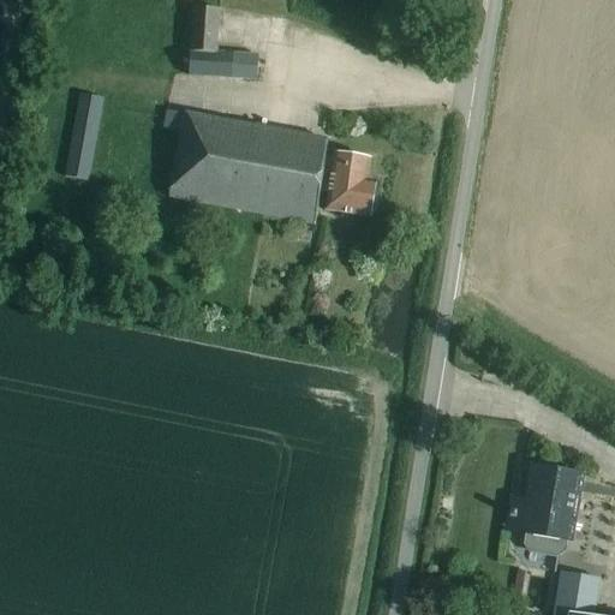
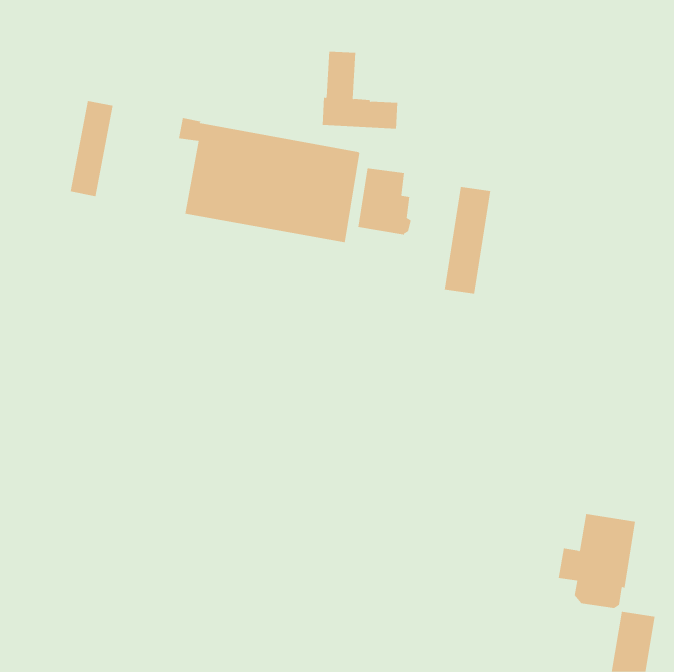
building: [187,6,257,77] -> [322,51,398,129]
building: none -> [444,186,491,295]

